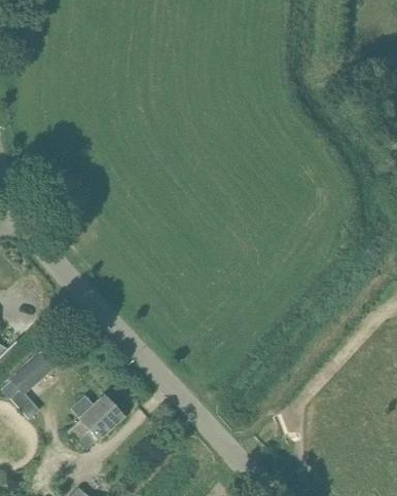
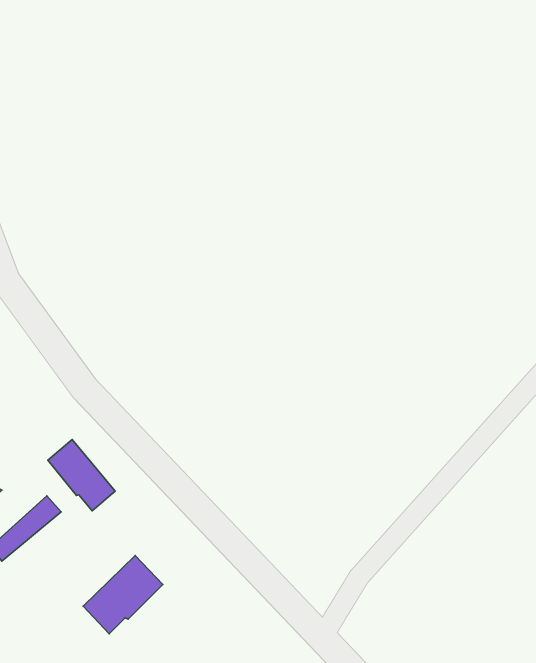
building: none -> [48,440,115,511]

